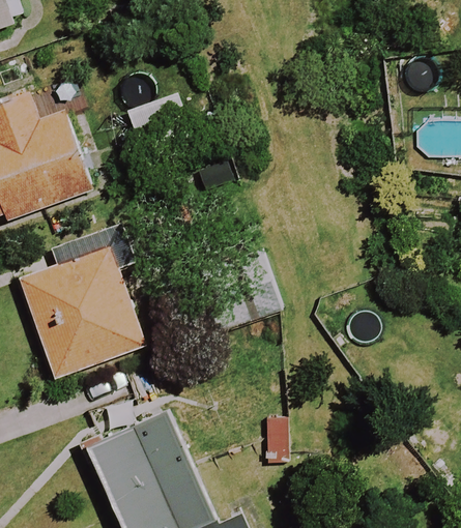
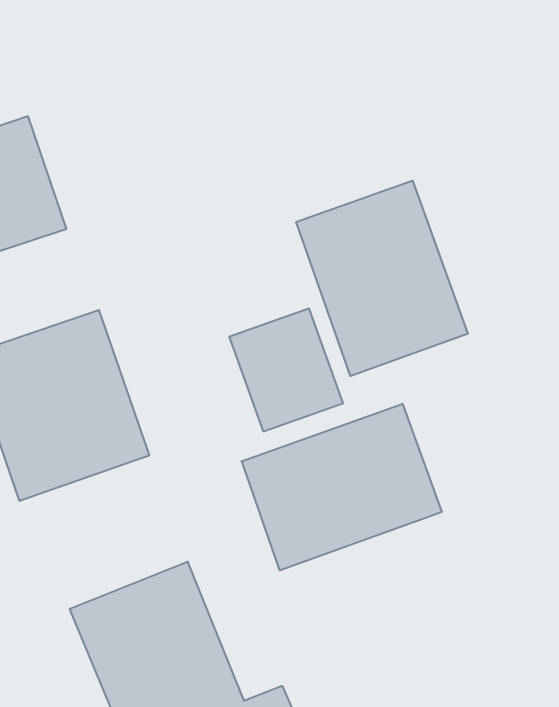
building: none -> [296,181,468,376]
building: none -> [242,404,442,570]

